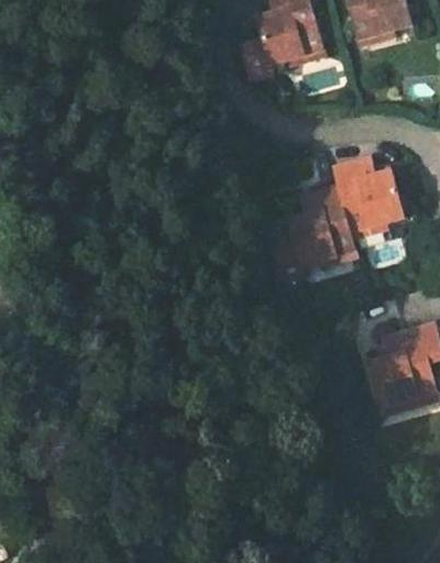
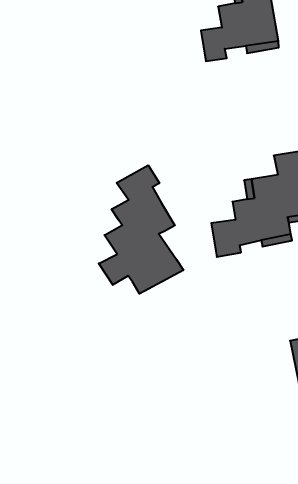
building: none -> [99,165,183,294]

